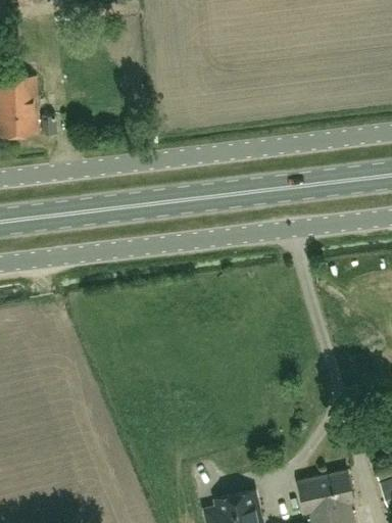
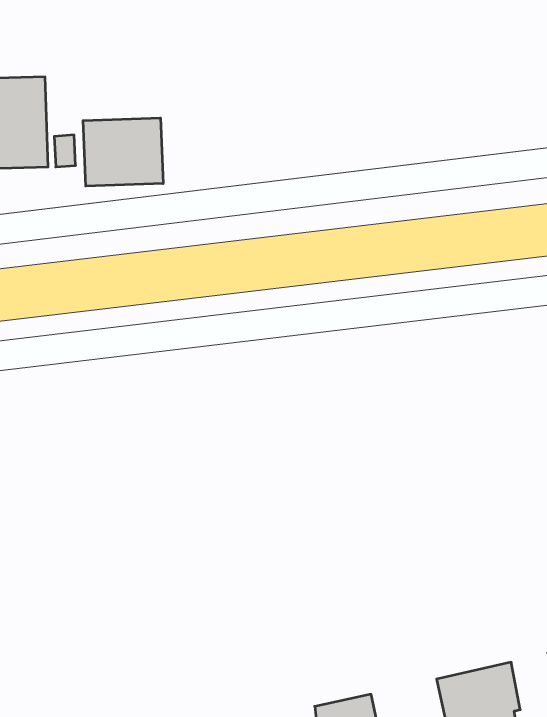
building: none -> [83,118,163,186]

